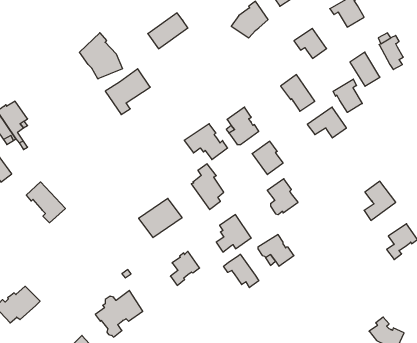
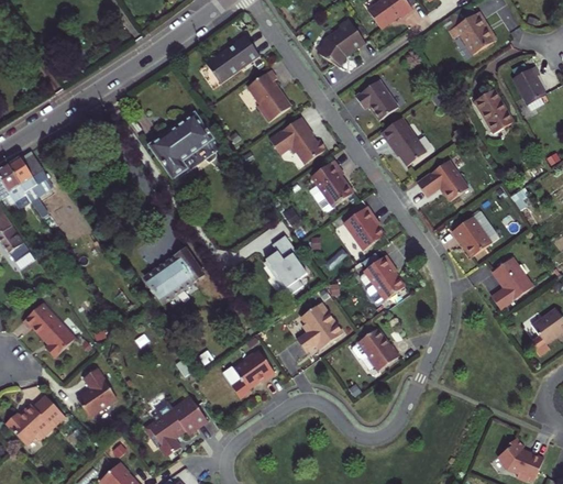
building: [294,28,327,58] -> [355,79,398,119]
building: [79,33,123,79] -> none
building: none -> [243,69,291,122]
building: [333,79,362,112] -> none
building: [184,124,228,160] -> [269,116,327,163]
building: none -> [452,216,492,257]
building: [26,182,65,223] -> [25,302,77,356]
building: [139,198,182,238] -> [147,244,205,296]
building: [224,254,259,288] -> none
building: none -> [77,369,117,416]

